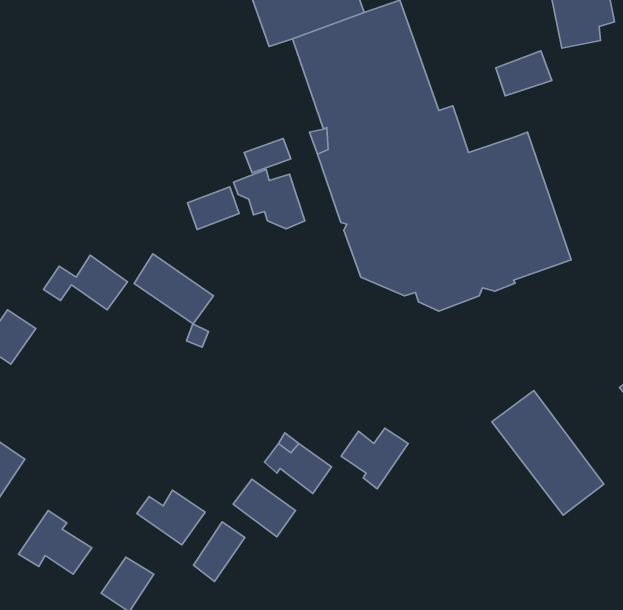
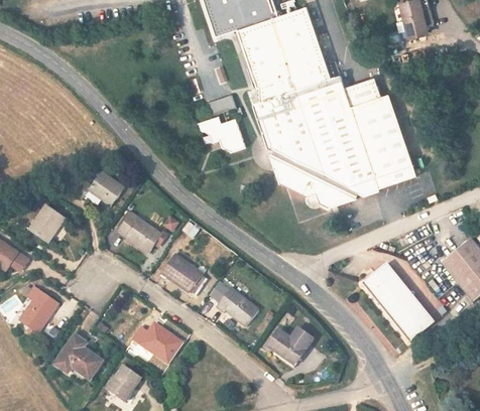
building: [496,51,552,96] -> [340,76,376,105]
building: [188,187,239,230] -> none
building: [134,254,213,324] -> [115,211,166,256]
building: [341,428,408,489] -> [268,326,312,366]
building: [233,479,295,537] -> [163,254,204,291]
building: [193,522,245,582] -> none

